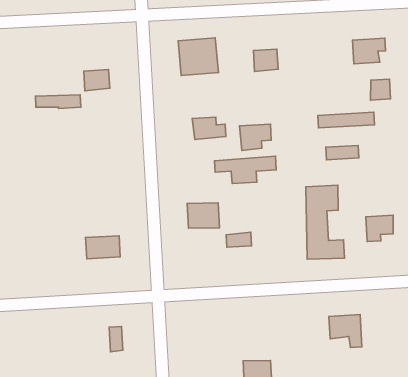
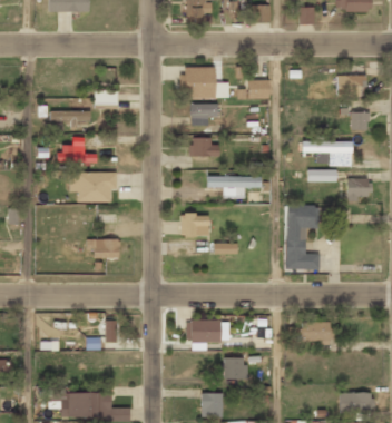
building: none -> [60,137,98,163]
building: [239,124,271,150] -> [190,104,218,126]
building: none -> [71,171,117,203]
building: [366,215,393,242] -> [347,179,372,201]
building: none -> [186,321,229,342]

